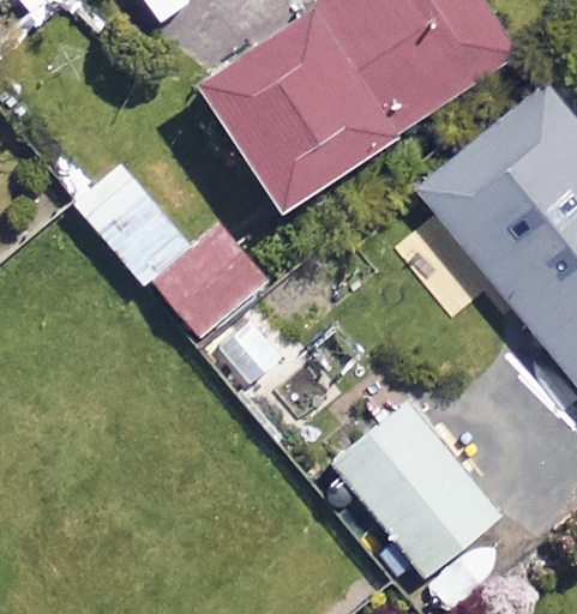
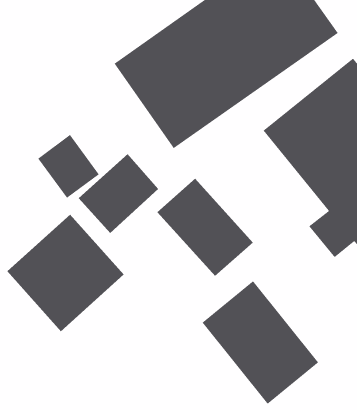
building: none -> [157,178,254,277]
building: none -> [7,214,124,332]

